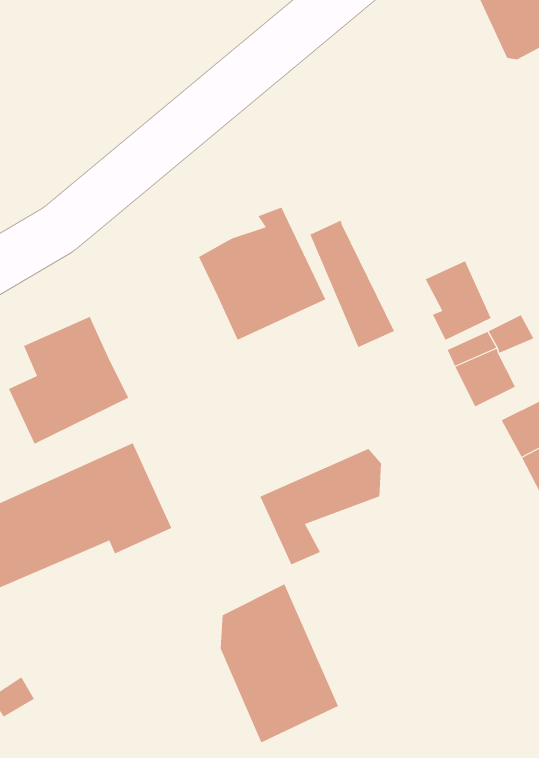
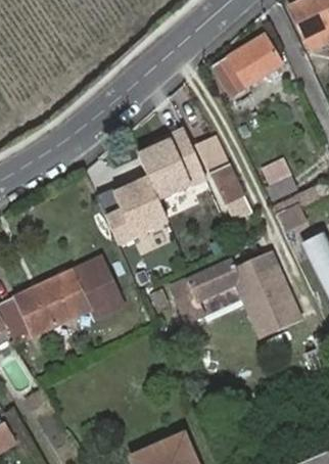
building: none -> [213,35,282,97]
building: [8,316,129,444] -> [102,176,169,246]
building: [220,583,339,743] -> [237,250,302,338]

